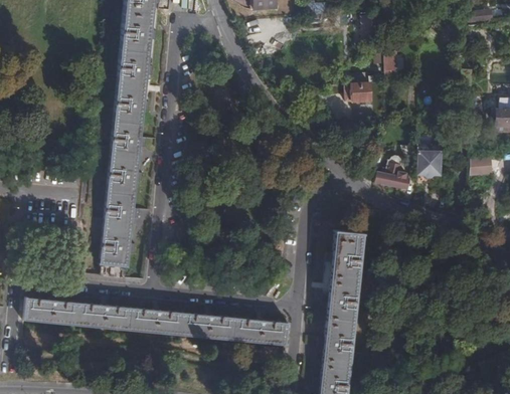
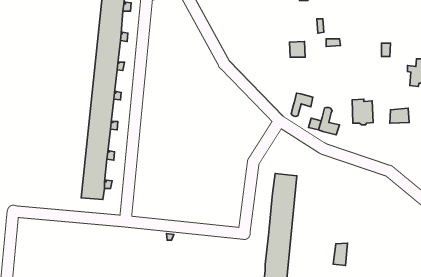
building: none -> [291,93,313,116]
building: [21,297,286,348] -> none
building: none -> [333,243,347,265]

